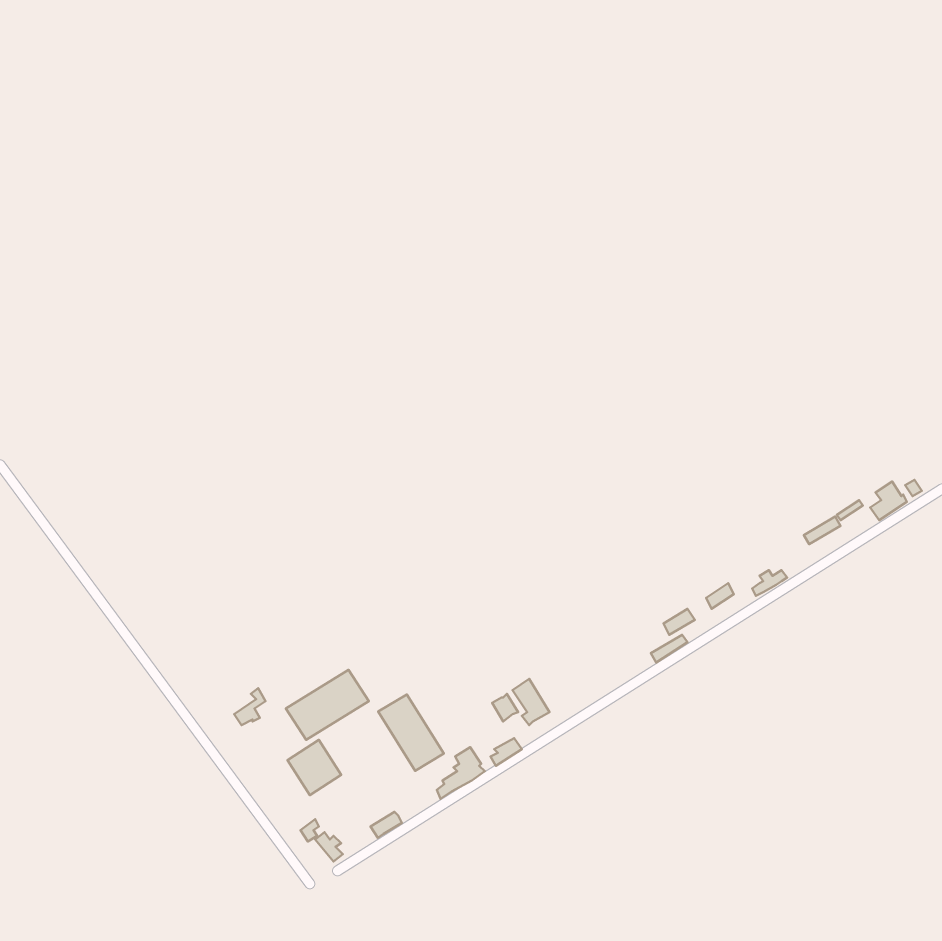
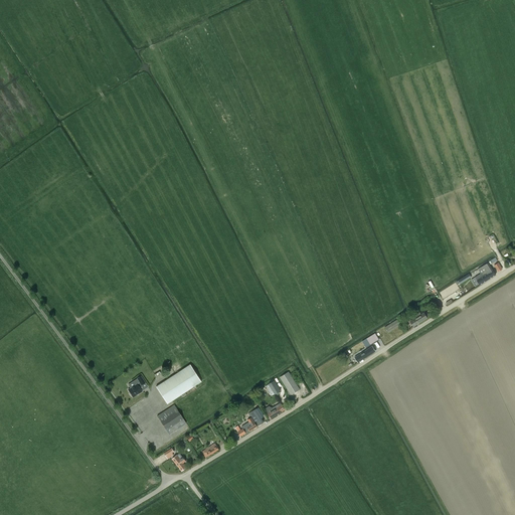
building: [378,694,444,771] -> none

